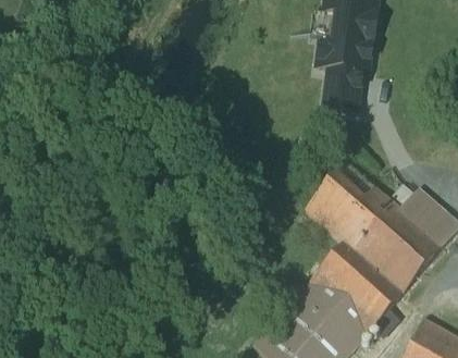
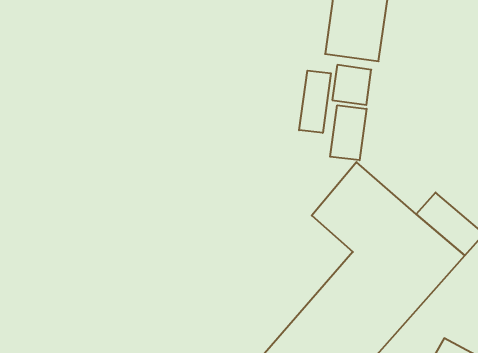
building: none -> [299,71,331,133]
building: none -> [330,105,367,160]

